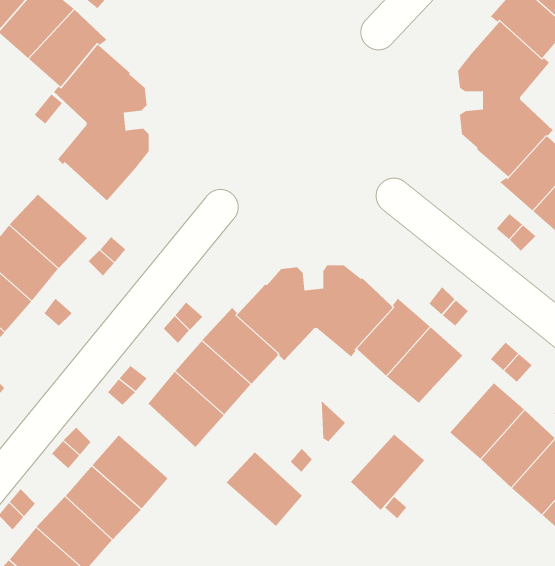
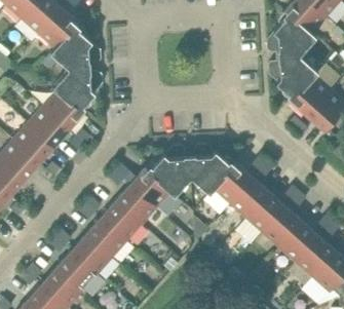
building: none -> [42,89,84,129]
building: [350,434,425,511] -> [245,192,285,233]
building: [226,452,303,527] -> [85,218,126,258]

